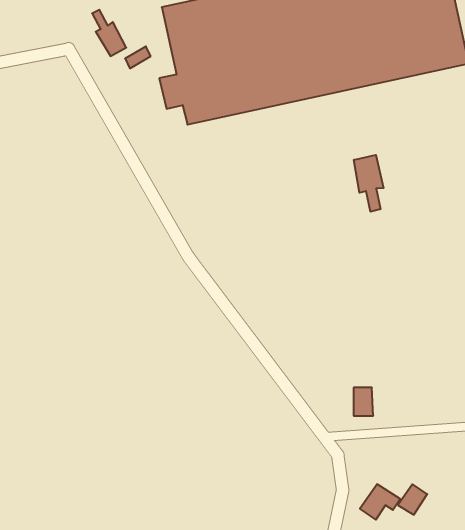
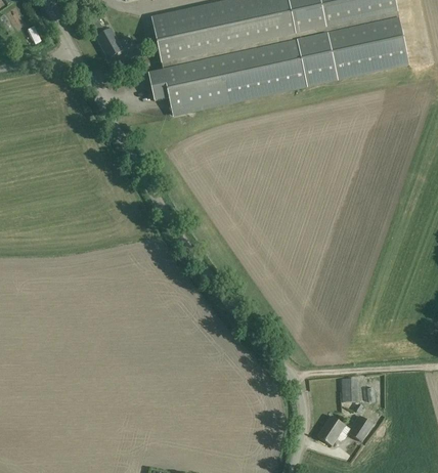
building: [354,155,384,212] -> none
building: [354,388,373,416] -> [342,377,358,400]

